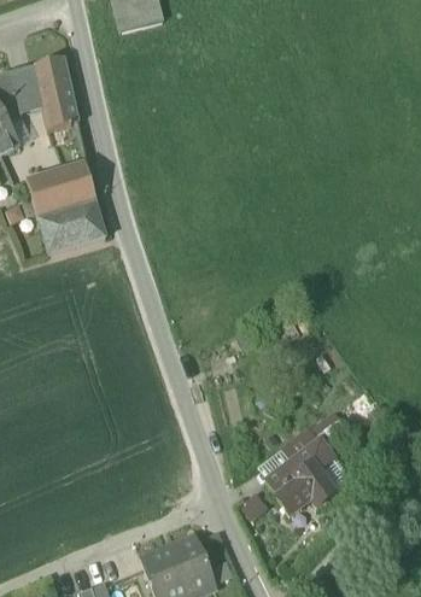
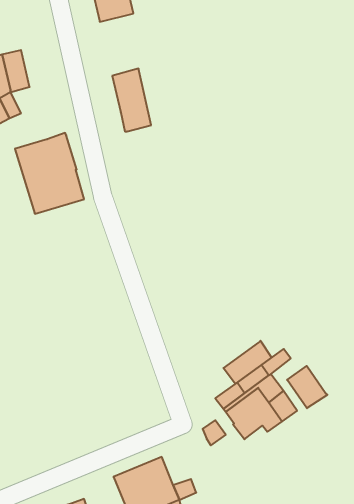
building: [33,57,77,129] -> [112,69,151,131]
building: none -> [223,341,271,384]
building: none -> [287,366,327,408]

